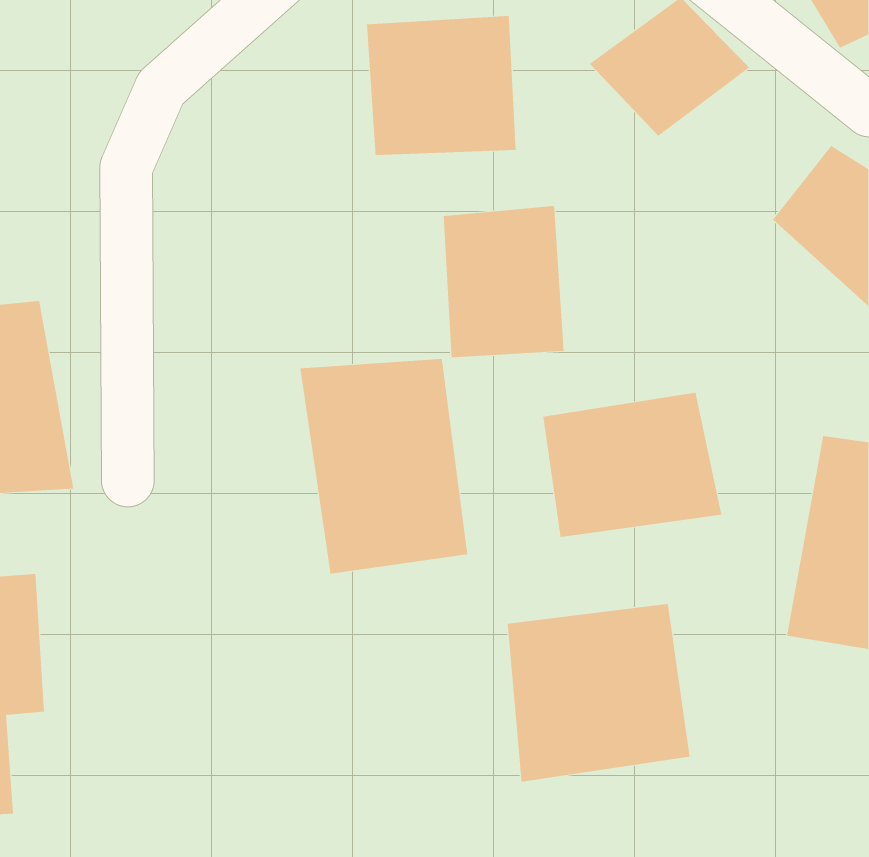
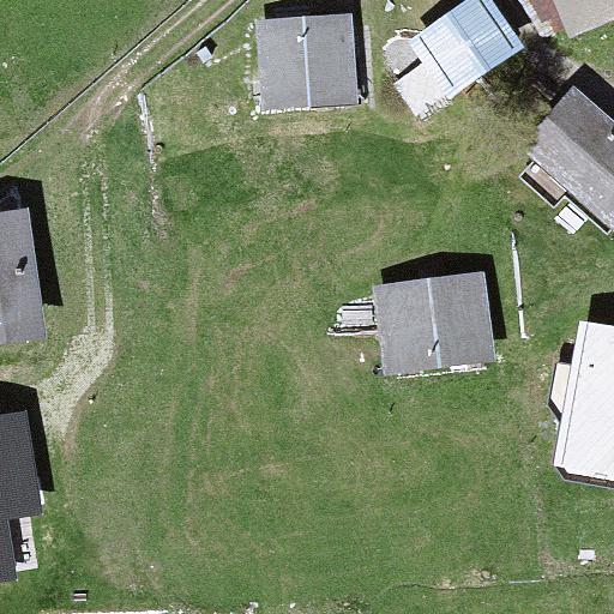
building: [443,205,564,358] -> none
building: [300,358,468,574] -> none
building: [507,603,690,782] -> none

